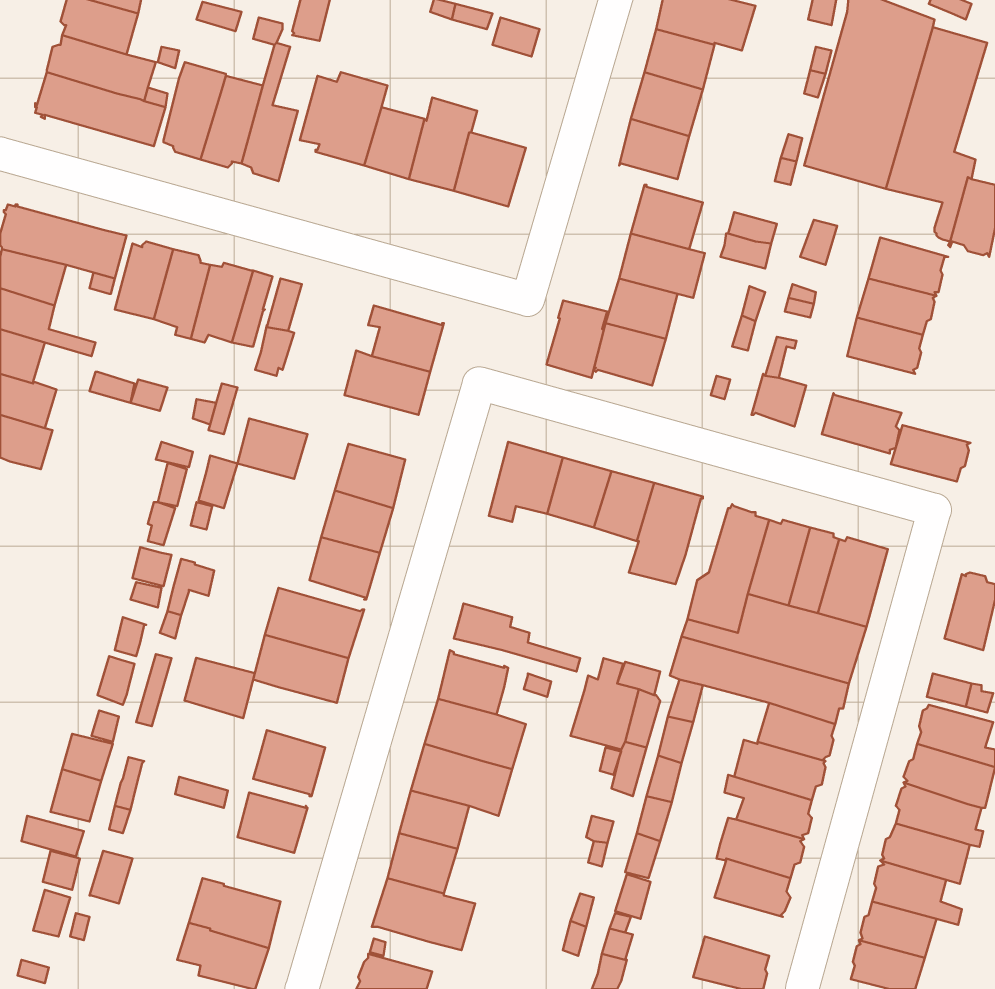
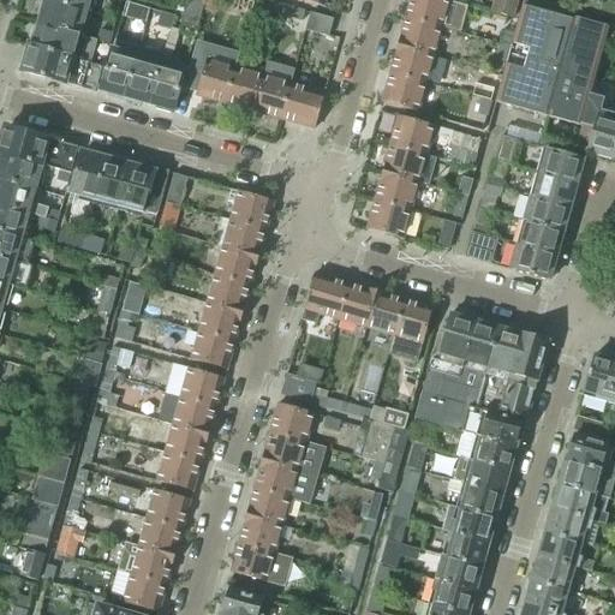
building: [547,300,607,378] -> none
building: [238,419,308,479] -> [215,246,258,283]
building: [891,425,971,482] -> [515,220,565,255]
building: [185,658,255,718] -> [165,424,208,461]
building: none -> [138,517,181,556]
building: none -> [435,554,483,590]

